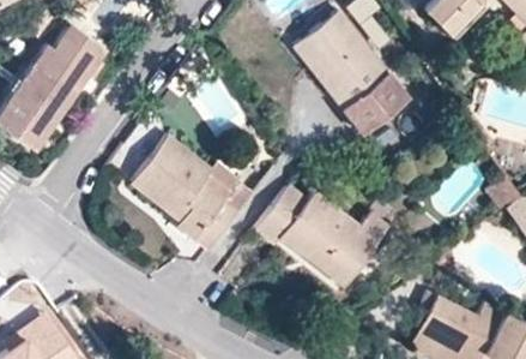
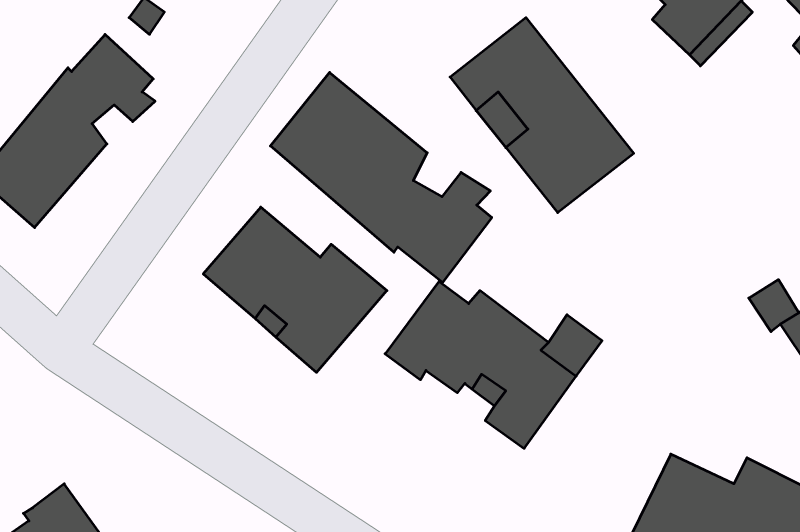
building: none -> [270,72,492,282]

